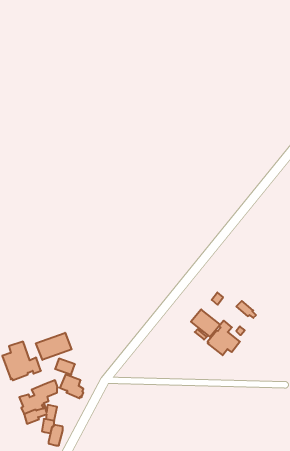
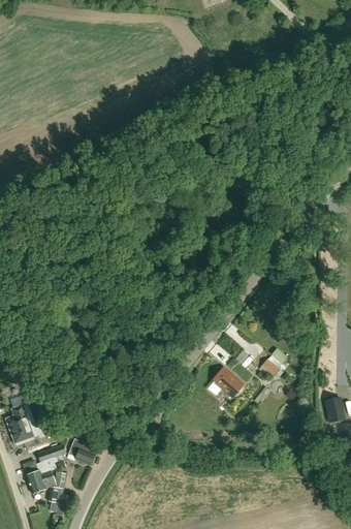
building: [208,321,240,355] -> none
building: [36,333,72,360] -> none

